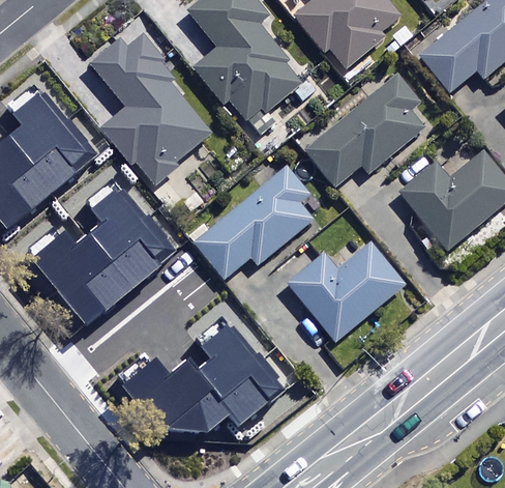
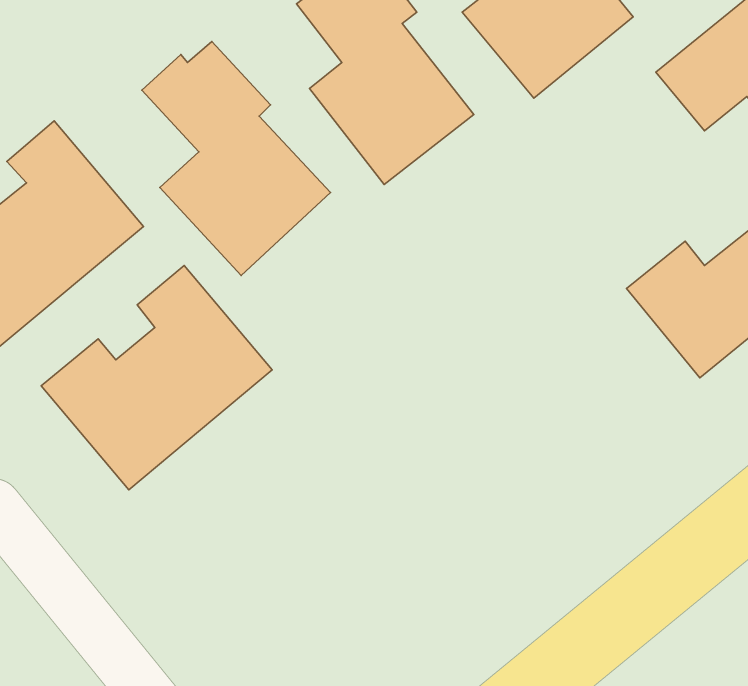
building: [307,78,424,185] -> none
building: [196,167,323,281] -> none
building: [286,243,406,342] -> none
building: [120,320,280,427] -> none

